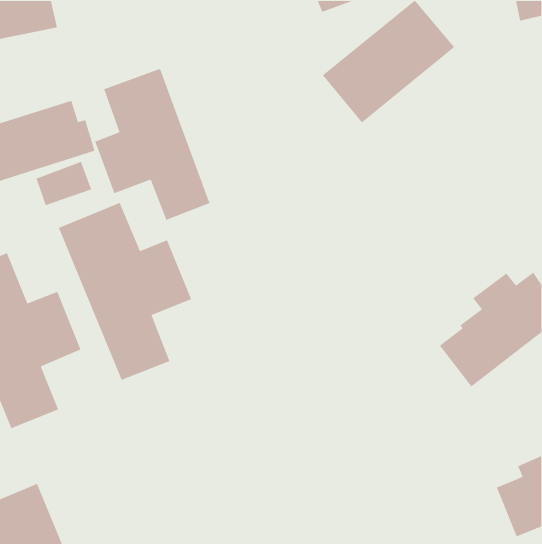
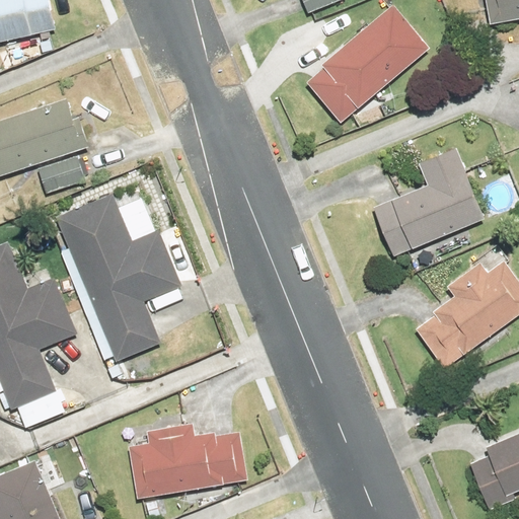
building: [94,68,211,221] -> none
building: none -> [373,143,485,255]
building: none -> [130,421,246,498]

